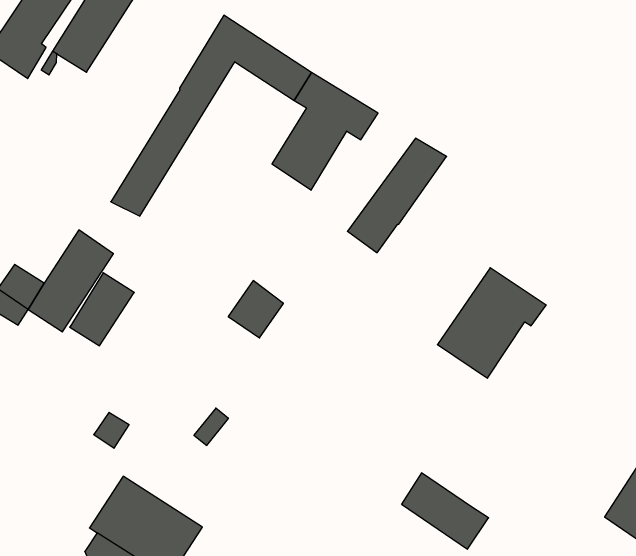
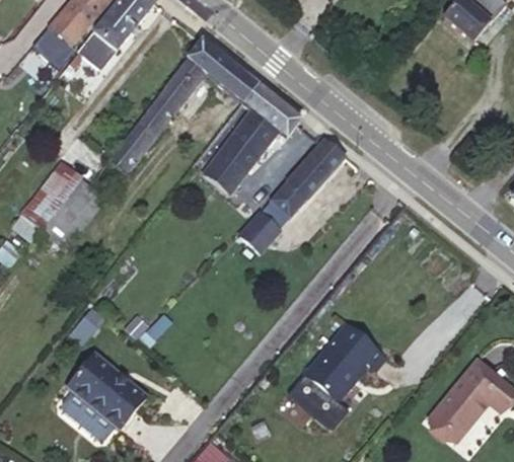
building: none -> [204,147,247,191]
building: [437,268,546,378] -> [304,324,383,401]
building: [70,273,134,346] -> [35,162,83,213]
building: [228,281,283,338] -> [240,211,280,251]

